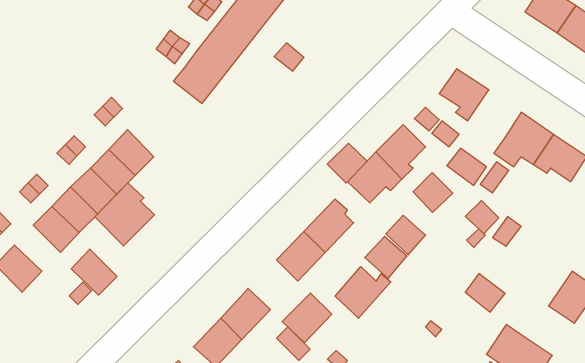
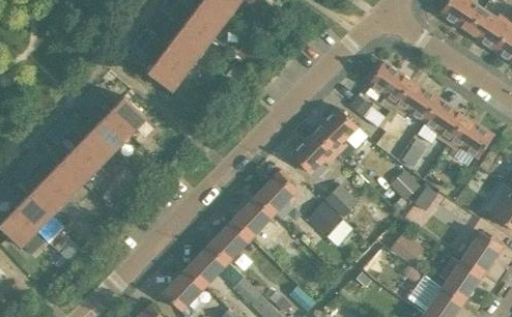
building: none -> [392,79,436,118]
building: none -> [108,96,146,135]
building: [327,143,367,183] -> none
building: [413,173,453,212] -> none
building: [95,183,155,246] -> none
building: [71,249,117,295] -> [13,192,52,230]
building: [335,267,391,318] -> none
building: [282,293,332,343] -> [208,221,250,262]
building: none -> [437,257,481,300]

